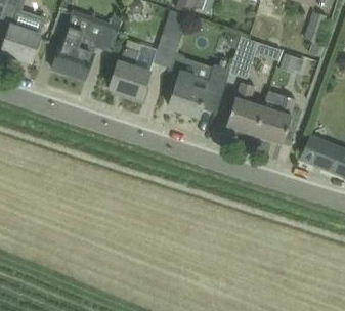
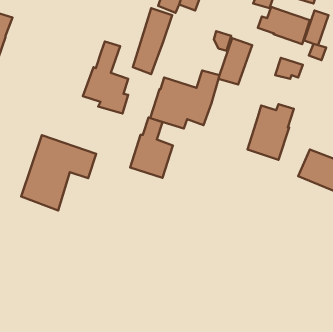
building: none -> [258,7,310,44]
building: [51,13,118,80] -> [21,135,96,210]
building: [225,81,263,134] -> [130,118,173,178]

